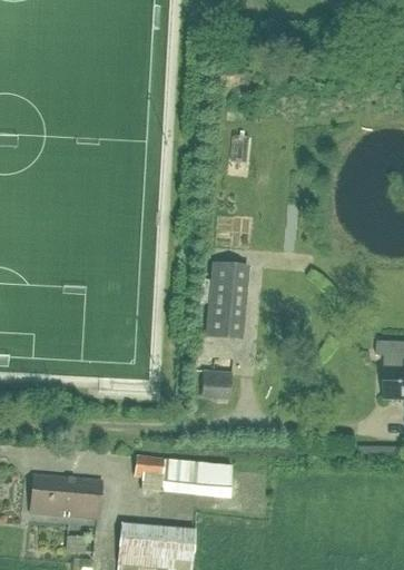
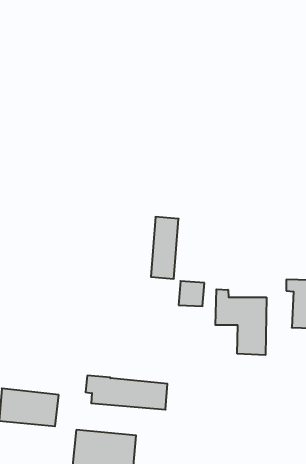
building: none -> [215,289,266,355]
building: [199,368,230,399] -> [179,281,204,306]

